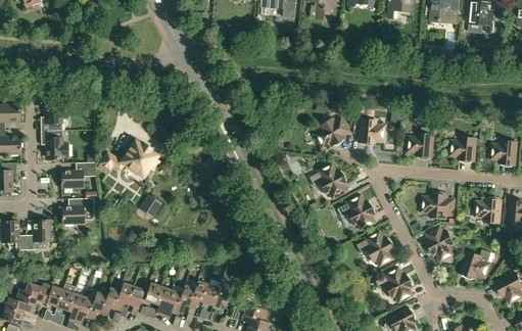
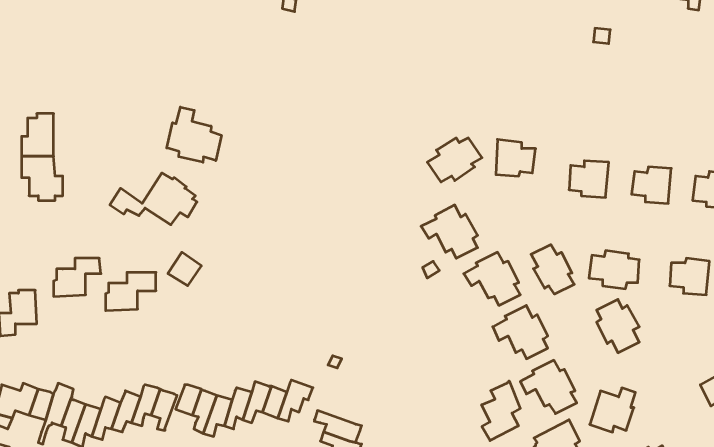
building: none -> [167,107,221,162]
building: [61,162,95,188] -> [106,272,156,311]
building: none -> [531,245,574,294]
building: [461,249,491,279] -> [590,388,635,432]
building: none -> [482,381,520,441]

